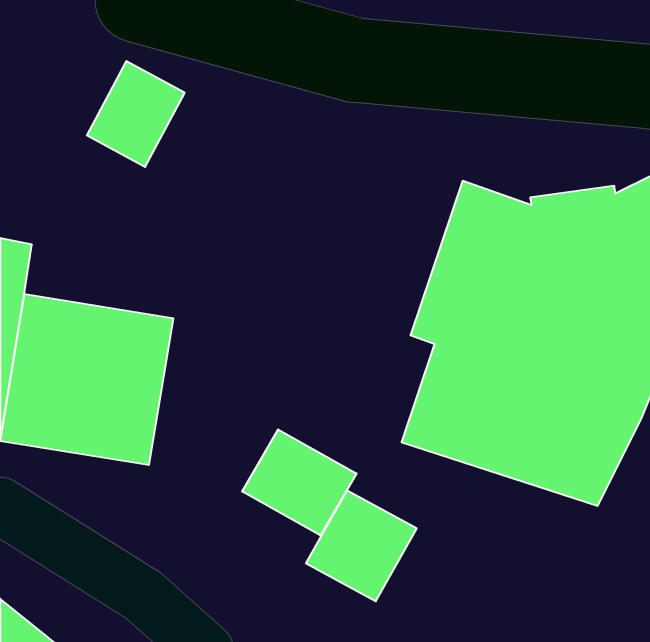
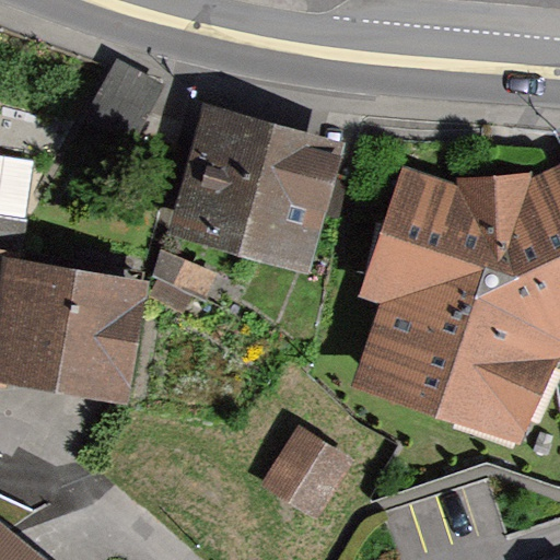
building: none -> [167,100,346,275]
building: [242,429,357,536] -> none

